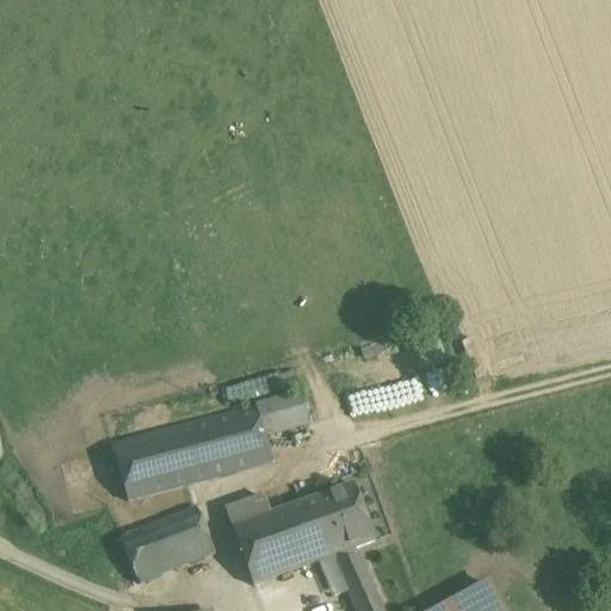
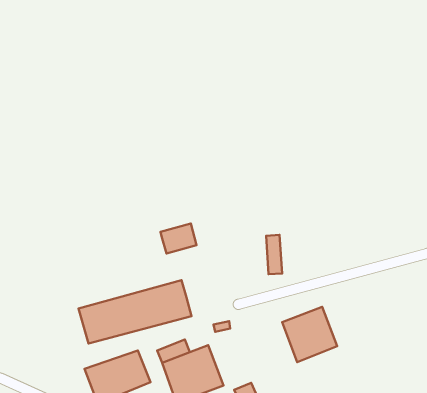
building: [258,389,309,432] -> [161,224,197,254]
building: [297,479,376,557] -> [282,307,337,362]

